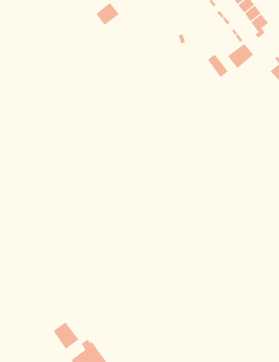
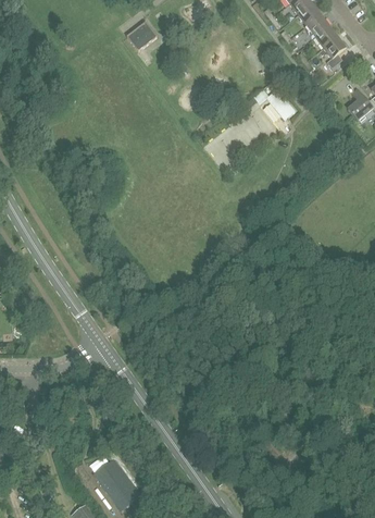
building: [227,43,254,69] -> none
building: [53,322,79,350] -> none

